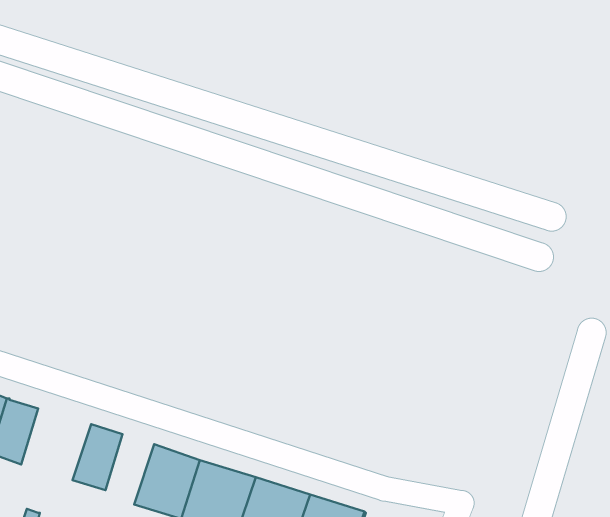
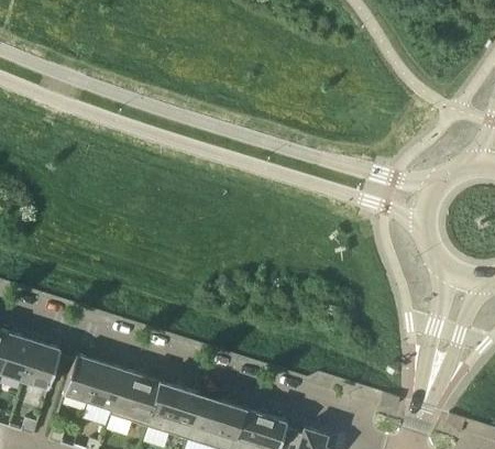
building: none -> [23,342,62,393]
building: none -> [88,362,125,413]

